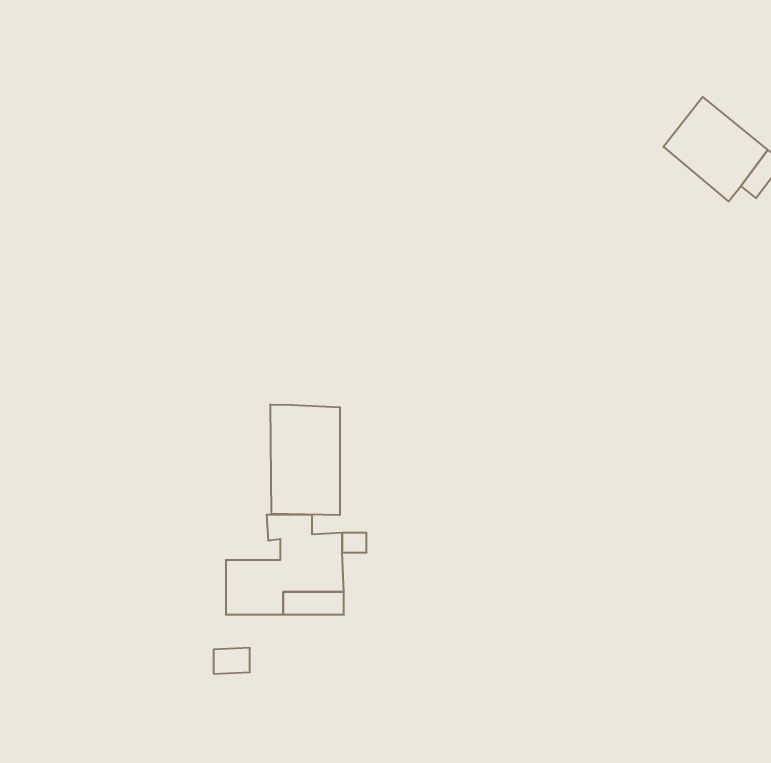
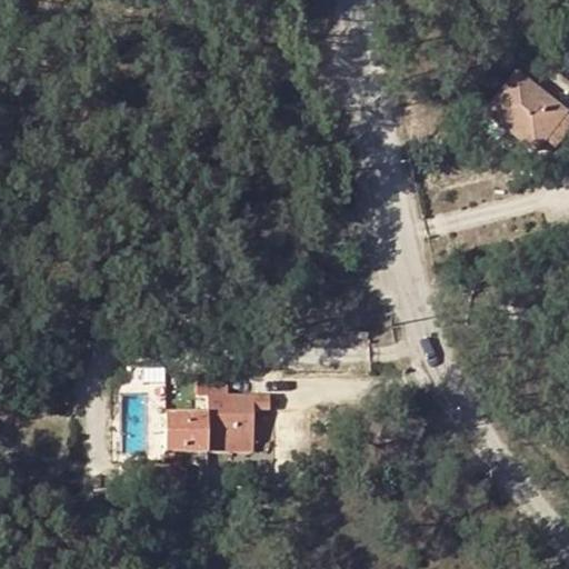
building: [270,404,340,515] -> none

